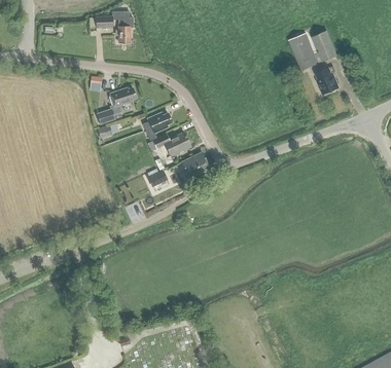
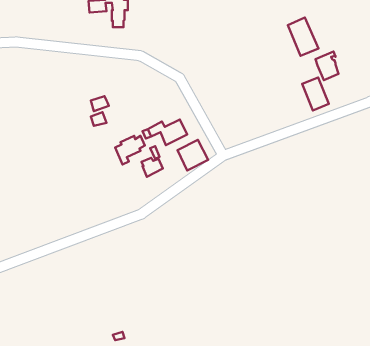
building: [312,30,337,62] -> [302,77,329,110]
building: [110,87,136,113] -> none
building: [143,112,172,140] -> [115,136,145,165]

